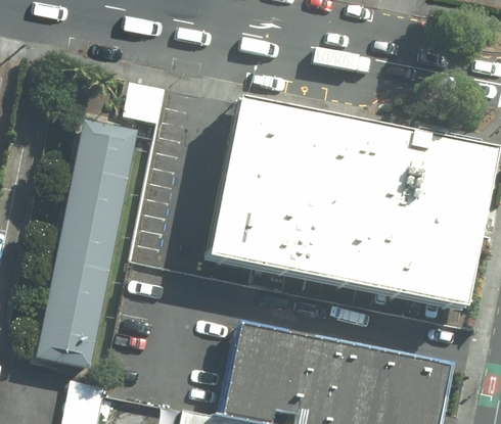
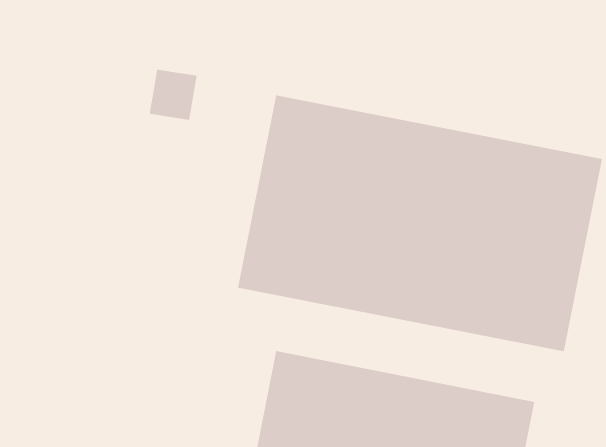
building: [42,124,142,370] -> none

